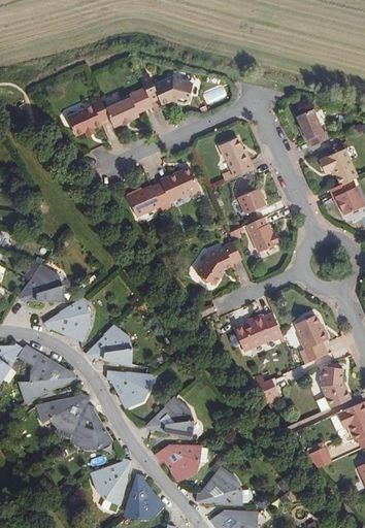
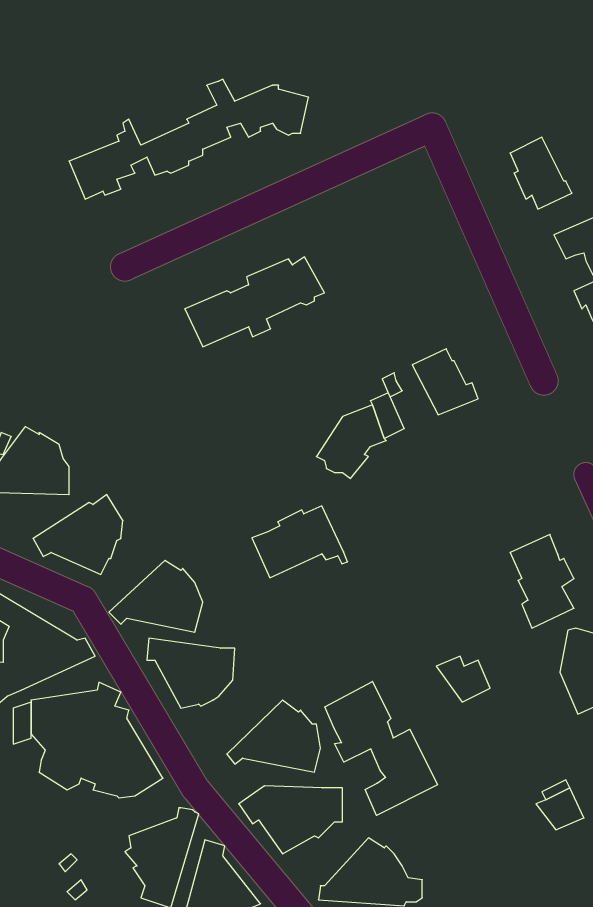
building: [217,139,252,183] -> none
building: [235,190,263,214] -> none
building: [235,311,285,349] -> [252,506,348,578]
building: none -> [325,681,437,815]

